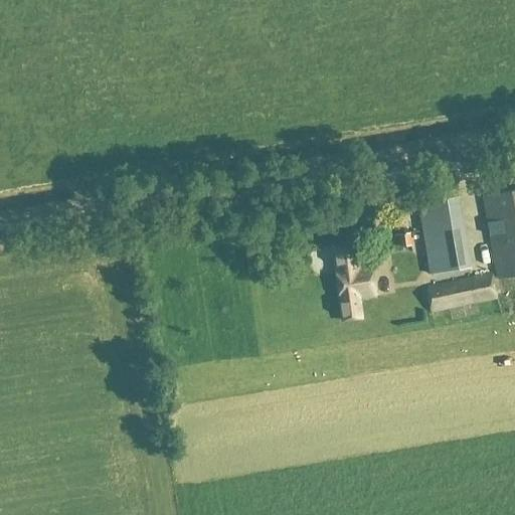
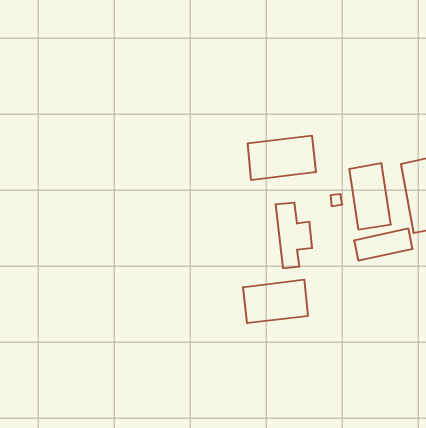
building: none -> [248,136,316,180]
building: none -> [243,280,308,323]

